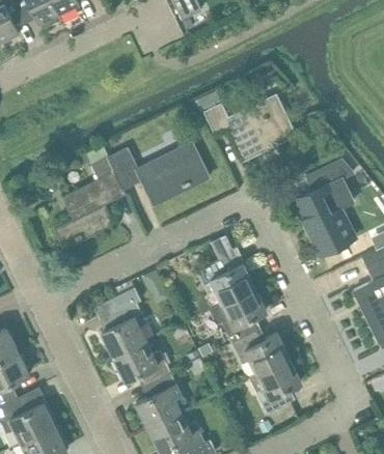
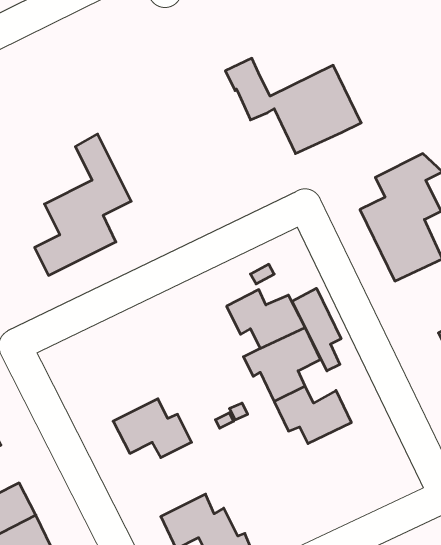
building: [101,137,209,205] -> none
building: none -> [292,288,341,371]
building: [93,288,145,358] -> none
building: [255,359,301,414] -> none
building: [136,373,181,428] -> none

